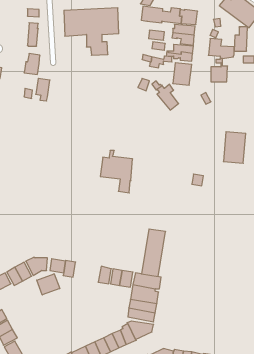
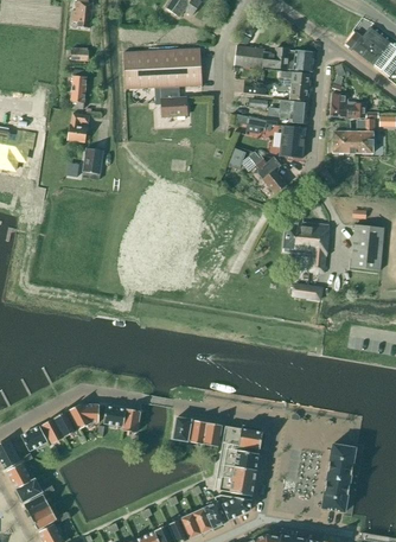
building: [234,27,247,51] -> [356,119,375,153]
building: [100,151,133,193] -> [282,212,328,273]
building: [141,229,166,276] -> [321,444,356,511]
building: [37,274,60,295] -> none

